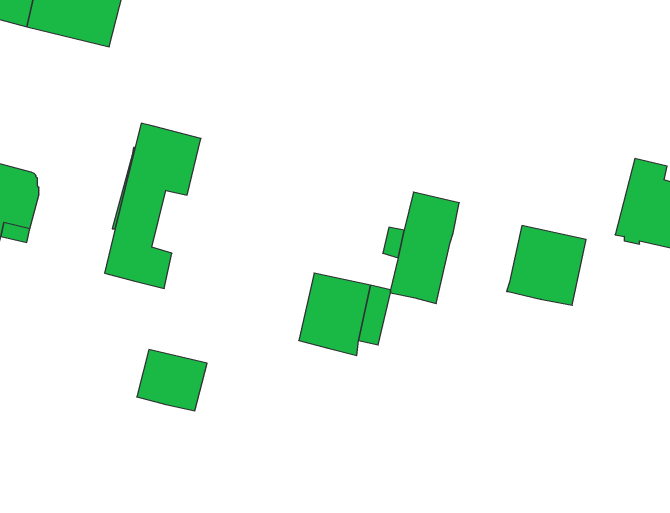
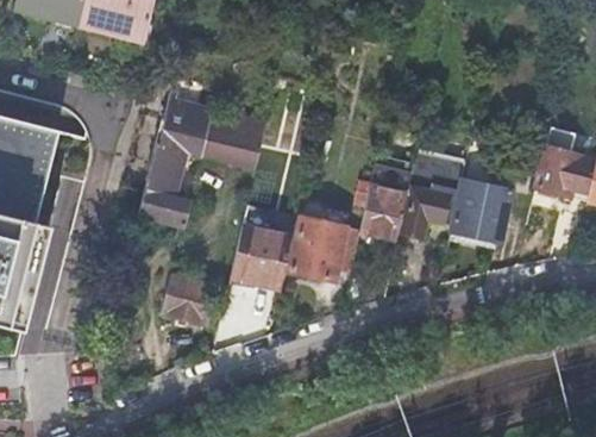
building: none -> [201,112,265,169]
building: none -> [401,151,466,236]
building: none -> [230,224,290,288]

